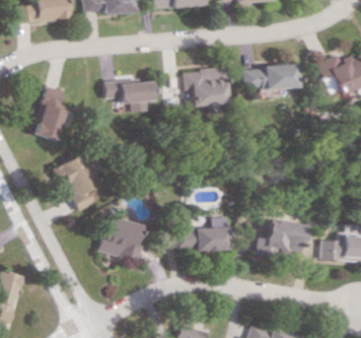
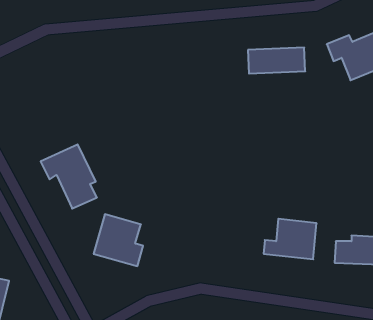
building: [185,68,224,108] -> none
building: [106,81,153,103] -> none
building: [38,87,72,141] -> none
building: [177,218,228,252] -> none

